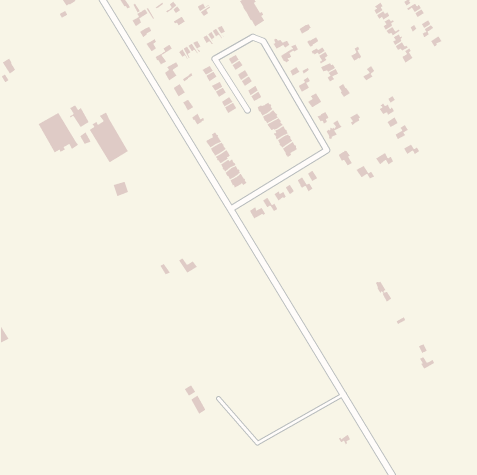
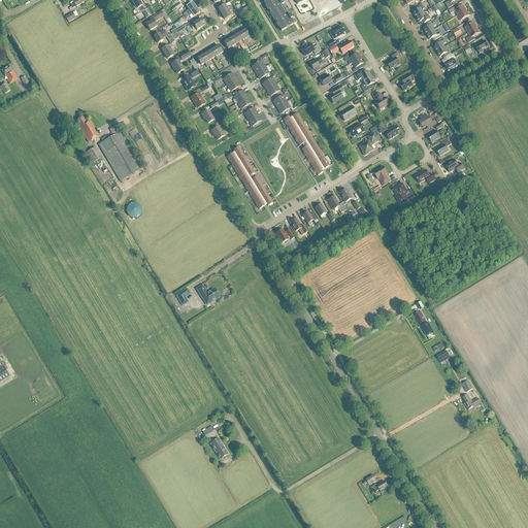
building: [38,112,79,153] -> none

